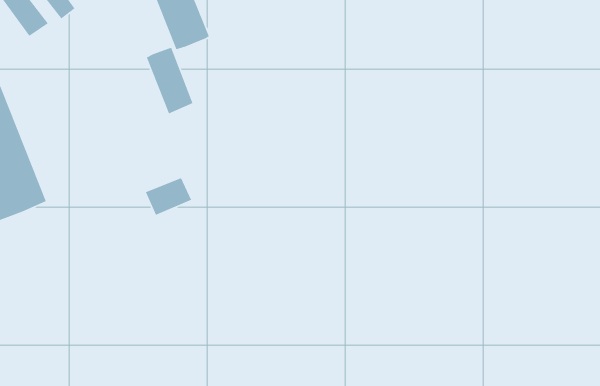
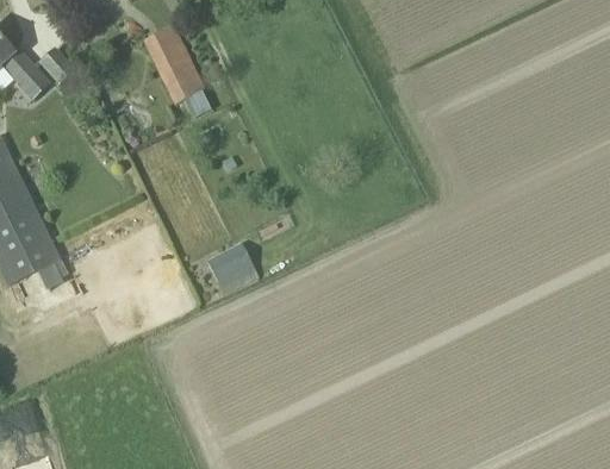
building: [146,47,194,114] -> none
building: [145,177,192,216] -> [206,242,253,281]

